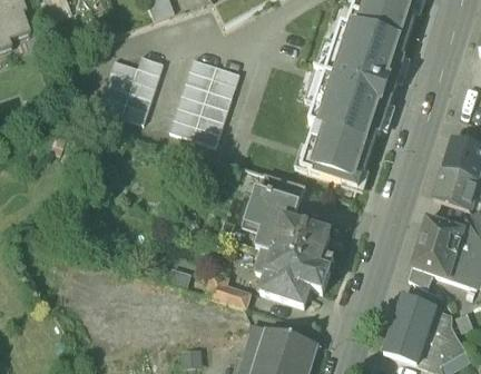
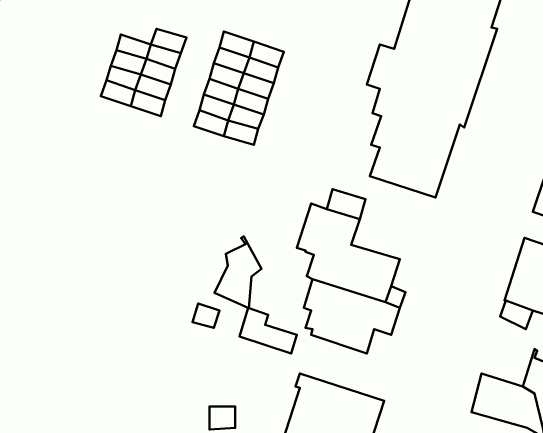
building: none -> [214,237,262,308]
building: [393,294,434,333] -> none

